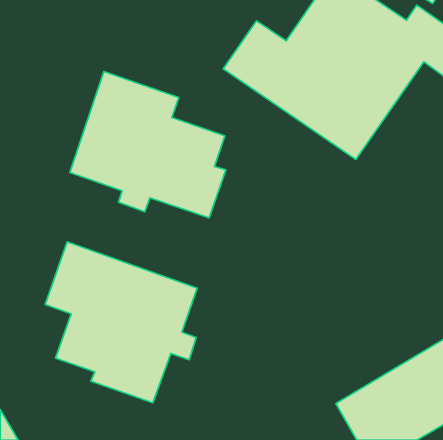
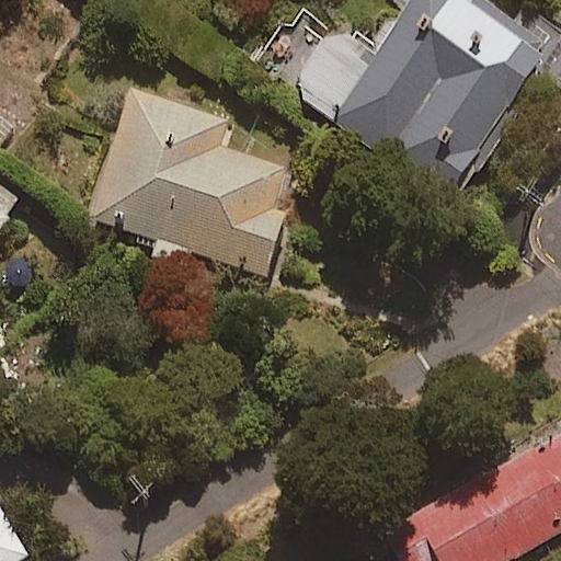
building: [45,242,197,403] -> none

